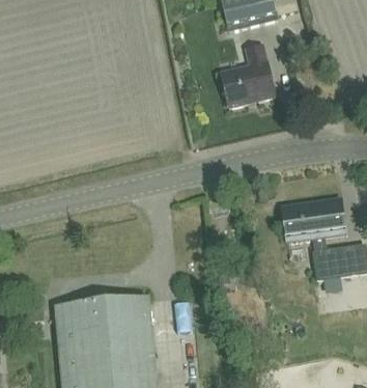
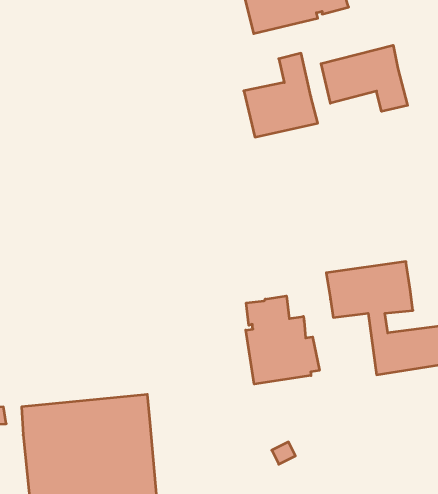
building: none -> [321,45,408,111]
building: none -> [246,296,319,384]

